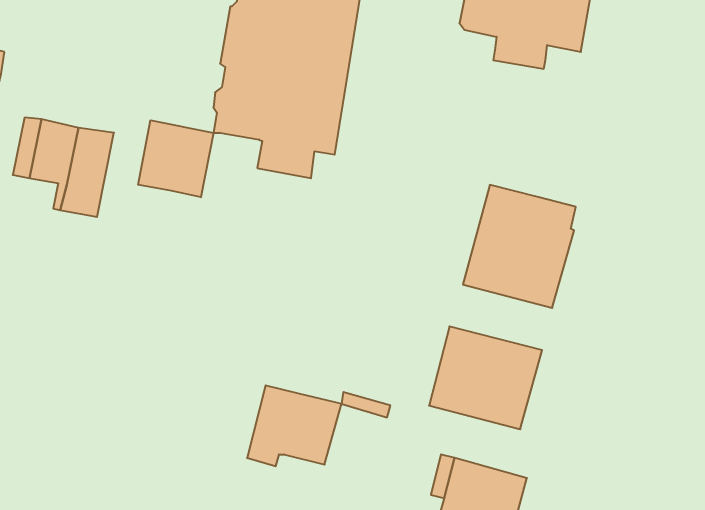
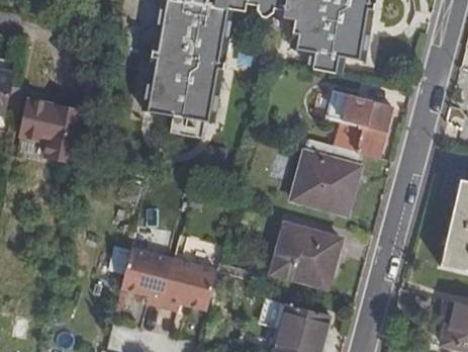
building: none -> [327,94,391,159]
building: [138,120,213,197] -> none
building: none -> [123,250,174,304]

